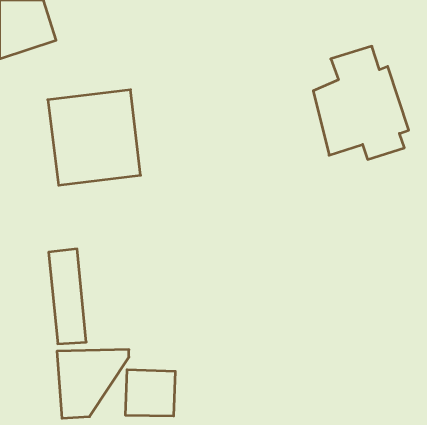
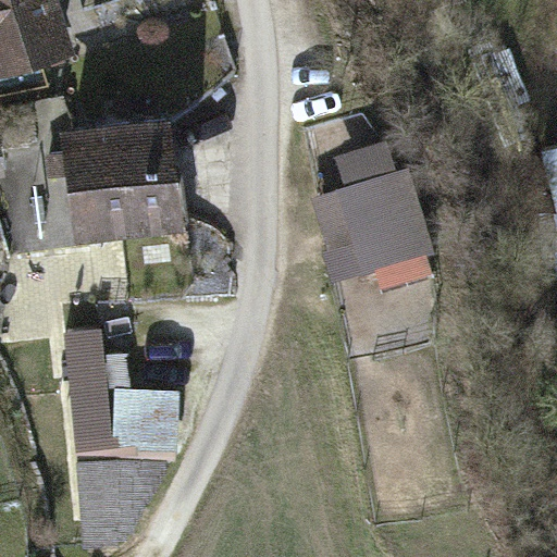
building: [313,46,409,159] -> [310,139,434,286]
building: [125,370,175,416] -> [113,387,178,447]

